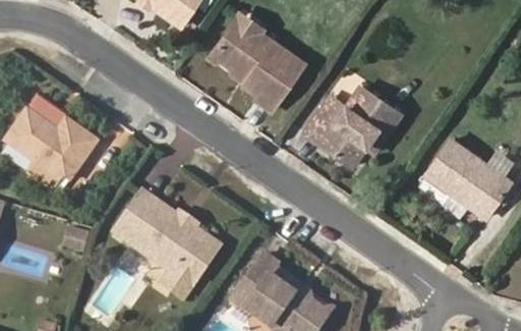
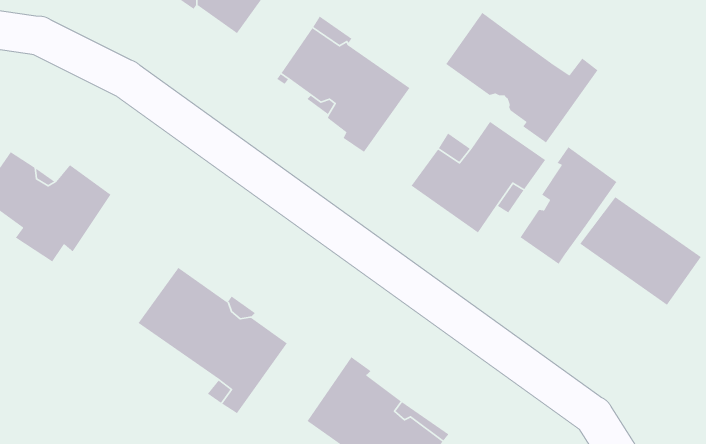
building: none -> [445,12,598,143]
building: none -> [520,146,618,265]

